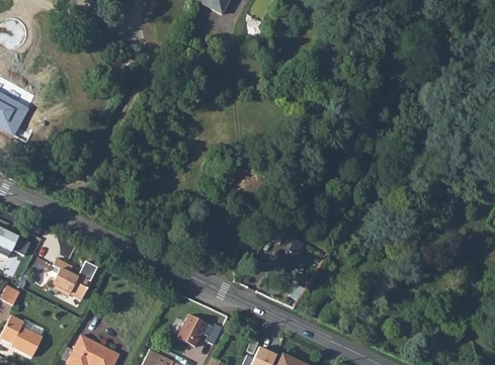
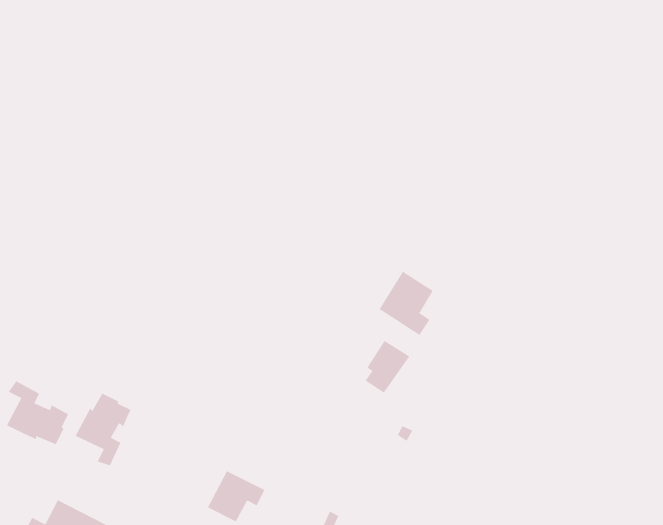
building: none -> [379,271,433,336]
building: none -> [75,393,131,466]

